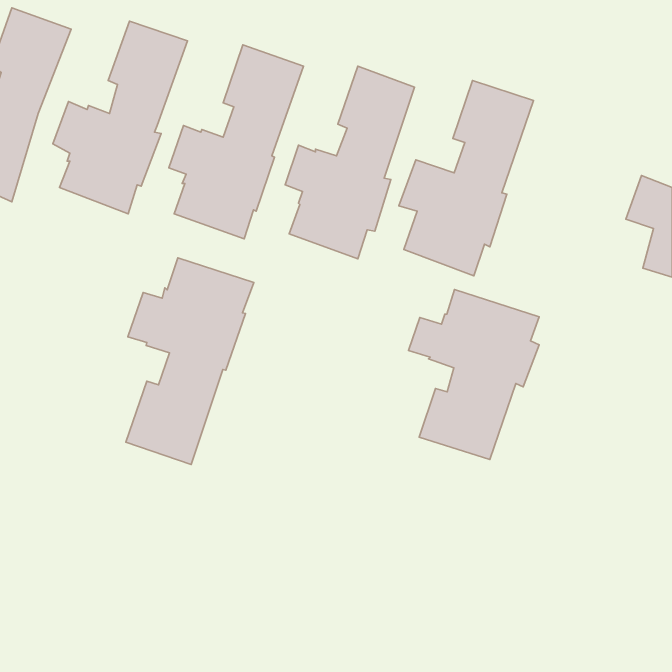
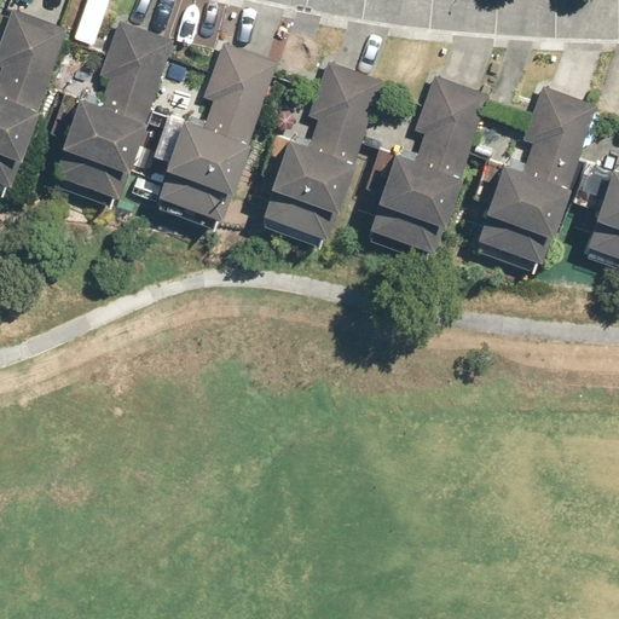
building: none -> [474,87,597,264]
building: [126,258,254,464] -> none
building: [409,289,539,459] -> none

